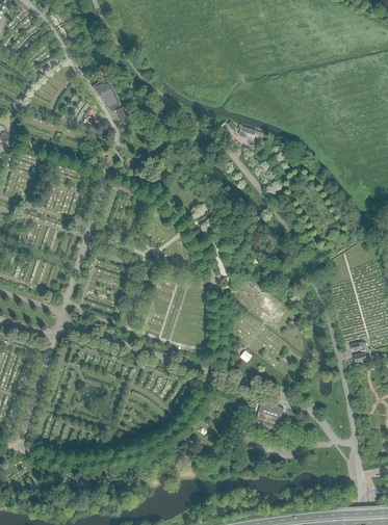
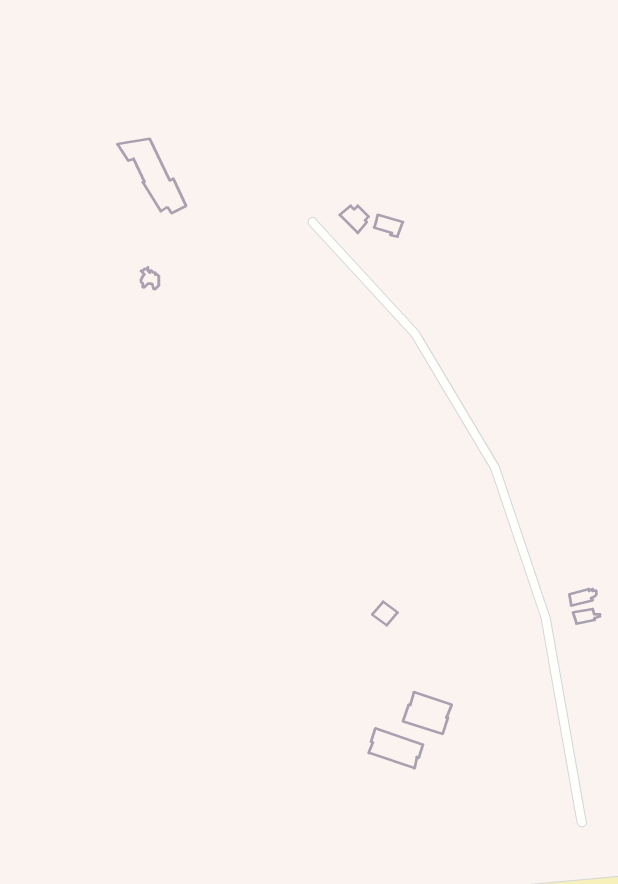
building: none -> [369,728,423,768]

